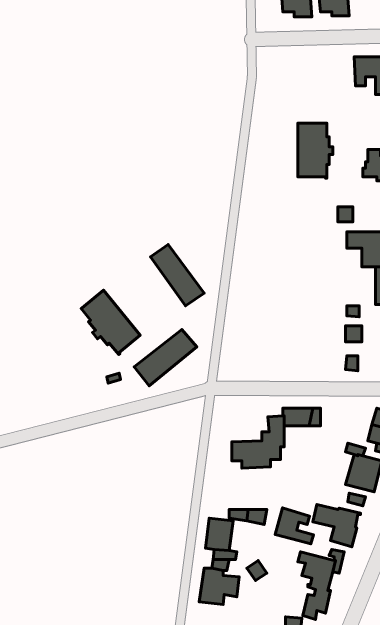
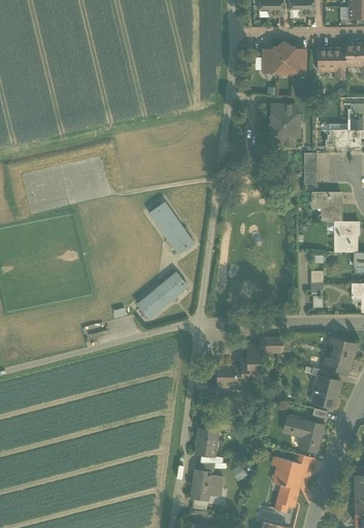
building: none -> [261,44,306,73]
building: [81,290,140,355] -> none
building: [275,508,313,544] -> none

